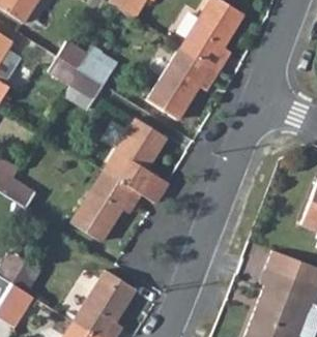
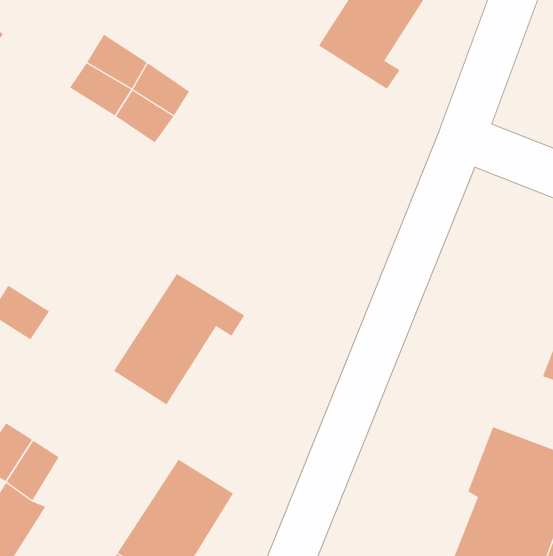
building: [147,47,219,118] -> none
building: [105,118,166,201] -> none

